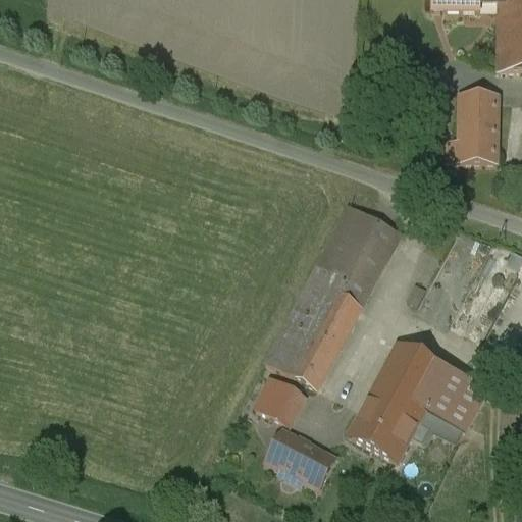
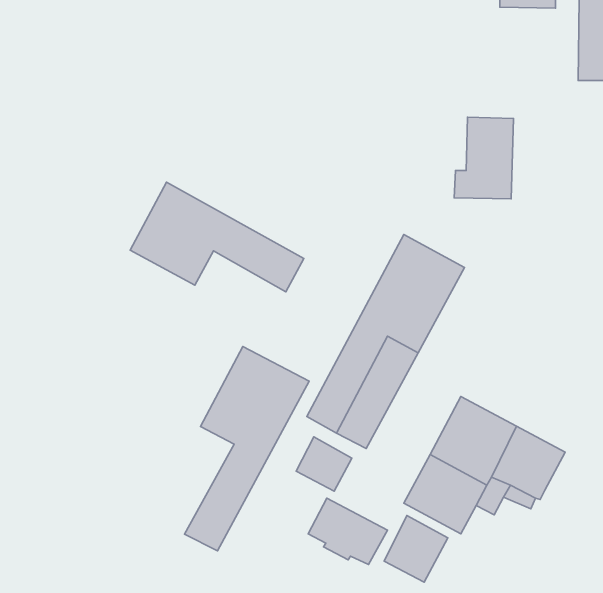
building: [449,91,500,161] -> [454,117,514,199]
building: none -> [130,182,304,292]
building: none -> [185,346,309,551]
building: none -> [384,516,448,582]

